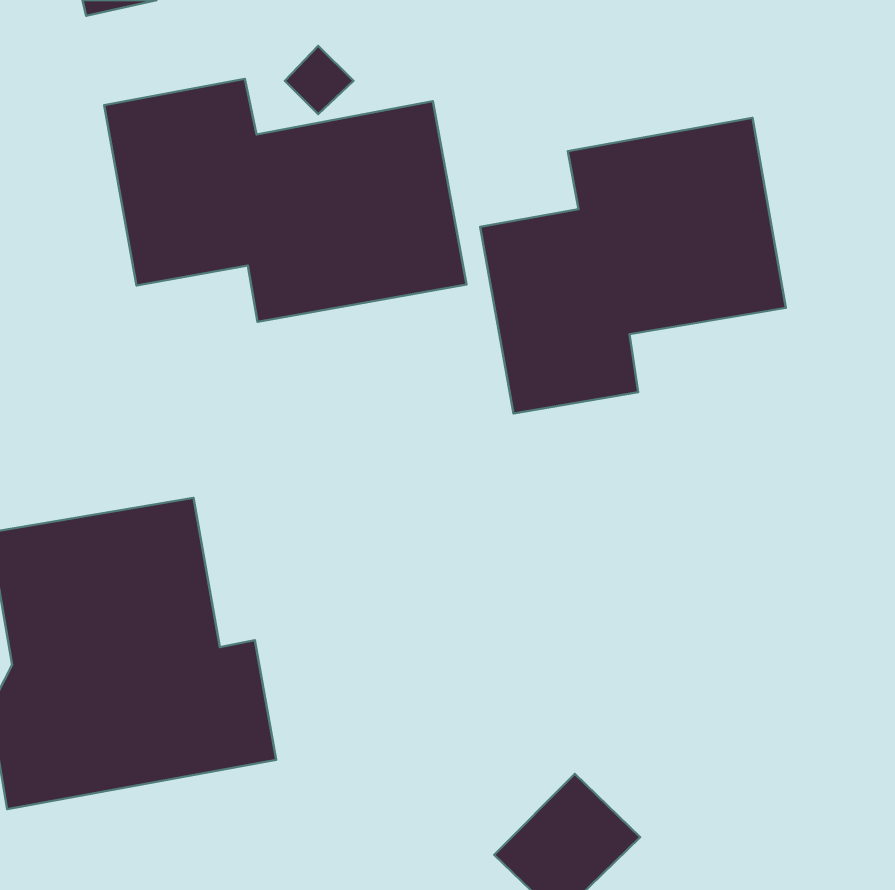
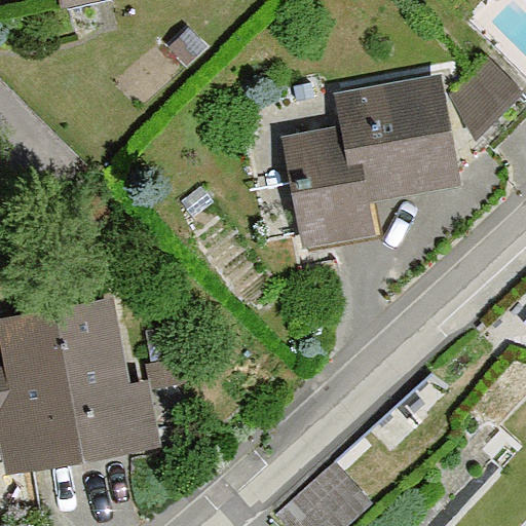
building: [104,79,466,322] -> none

